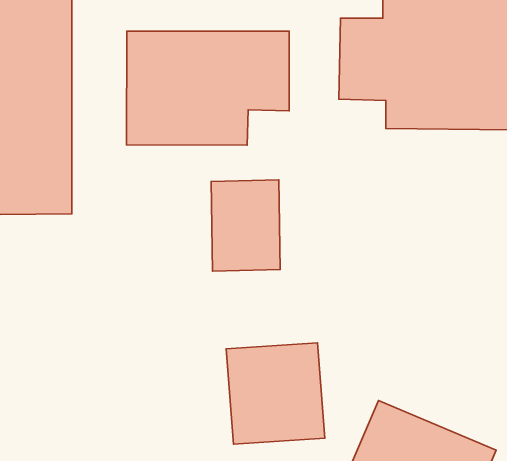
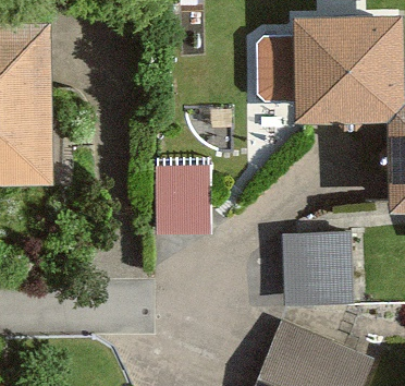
building: [126,31,289,145] -> none
building: [226,343,325,444] -> [284,230,357,305]

